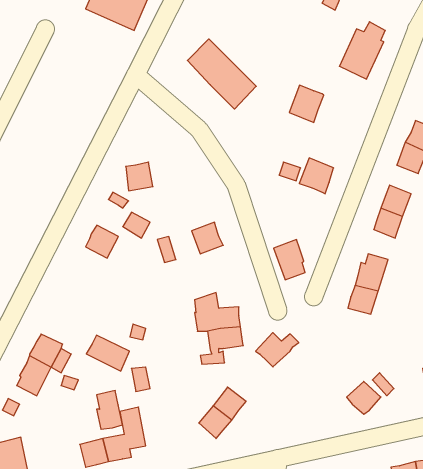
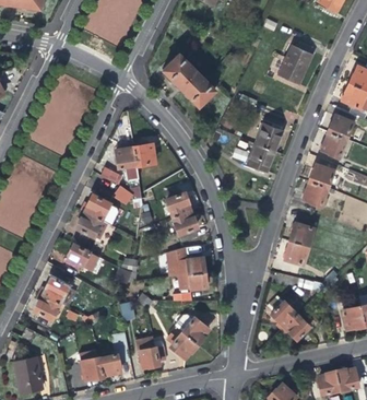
building: [289,85,324,122] -> [256,122,282,151]
building: none -> [133,136,155,165]
building: [274,240,305,280] -> [173,210,197,240]
building: none -> [78,211,108,238]
building: [256,333,299,367] -> [271,299,304,326]
building: [86,335,129,371] -> [67,244,99,271]
building: [97,391,122,429] -> [139,337,158,366]

